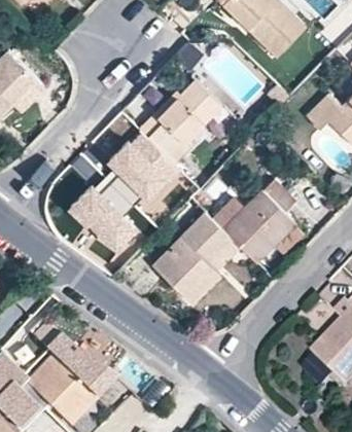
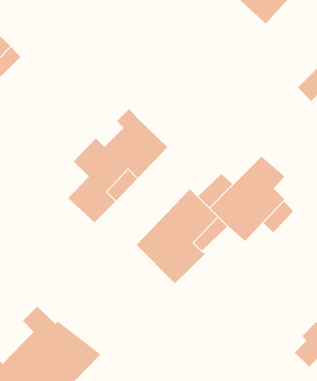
building: [139,78,220,143] -> none

